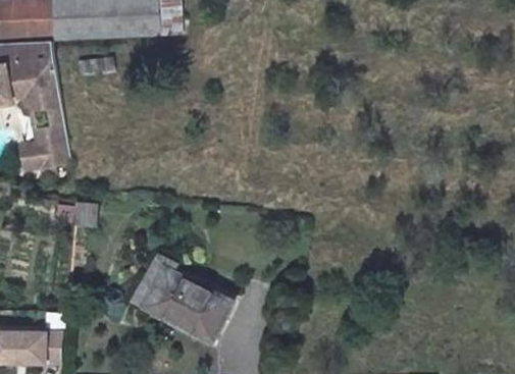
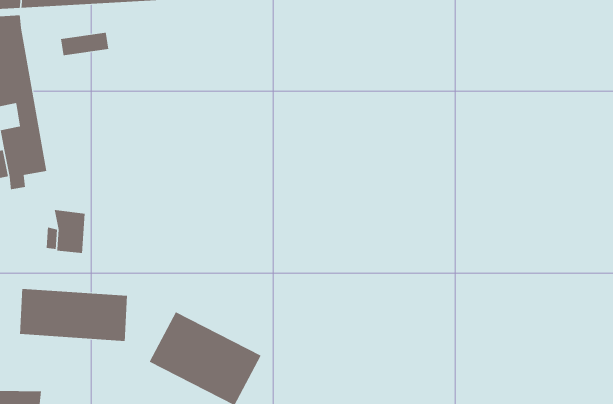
building: none -> [20,288,127,342]

